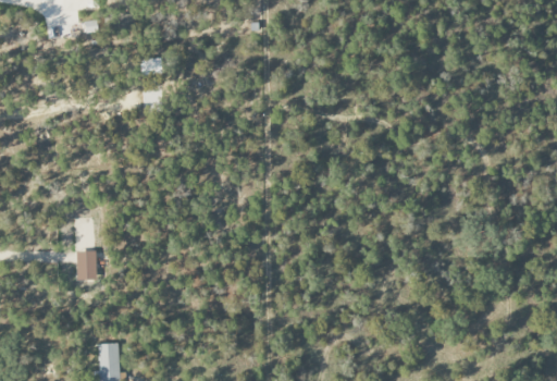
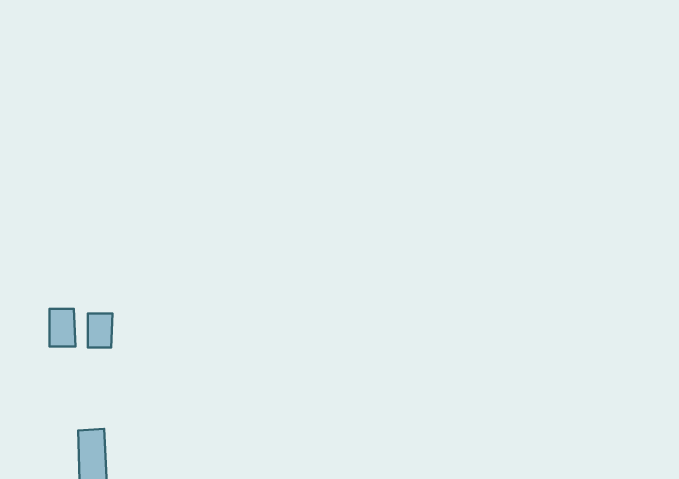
building: none -> [88,313,113,348]

